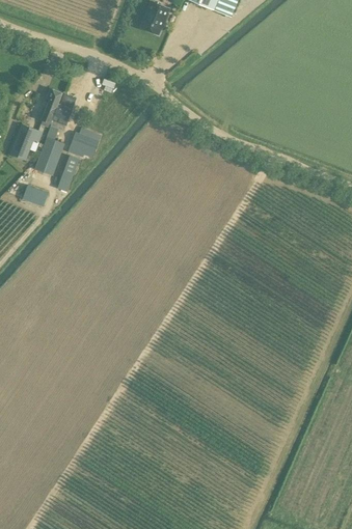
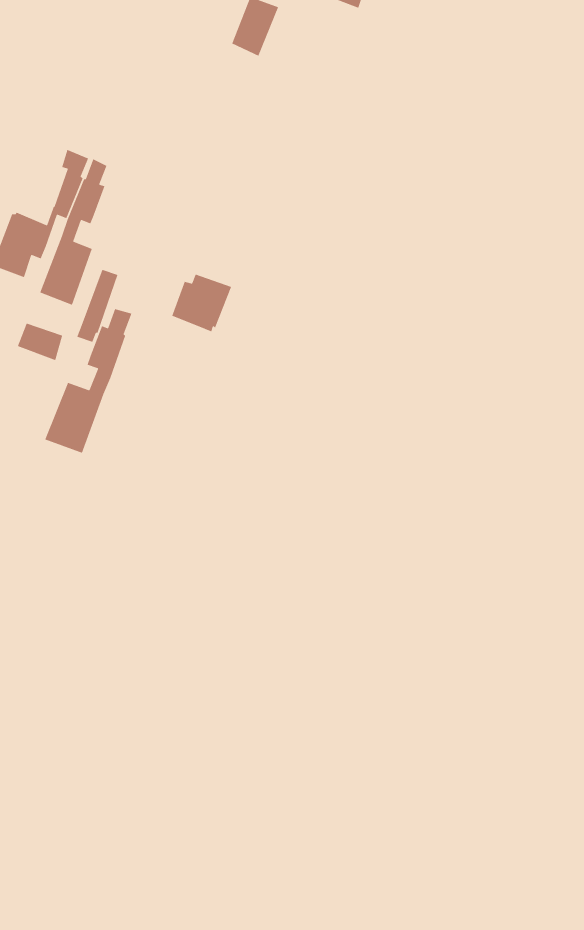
building: [67,127,102,160] -> [171,274,232,333]
building: none -> [44,308,133,454]

